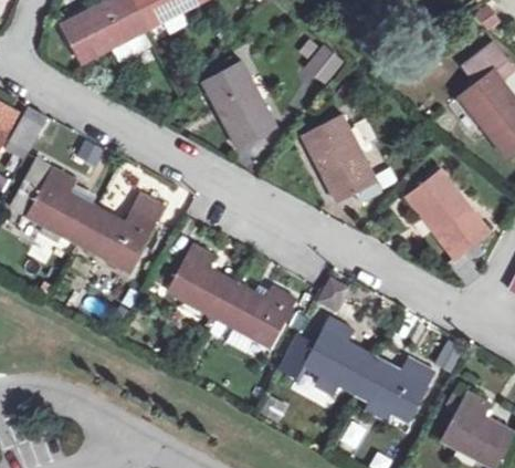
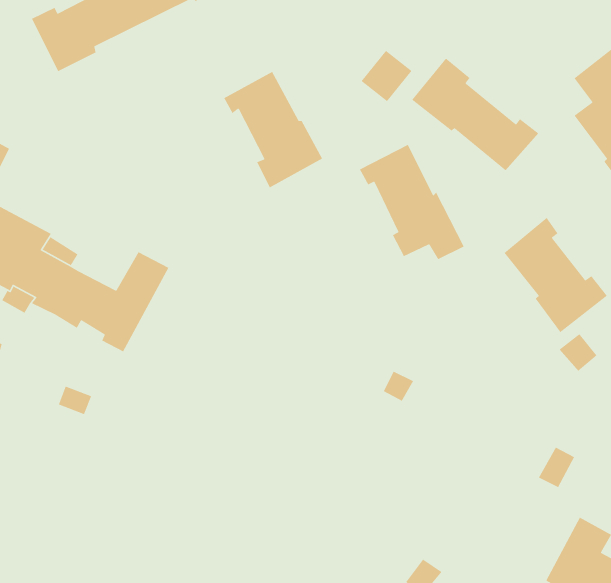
building: none -> [411,58,539,171]
building: [167,245,296,346] -> none
building: [282,318,433,420] -> none

